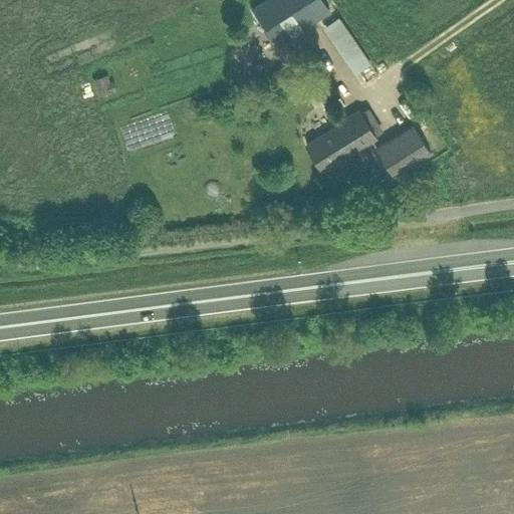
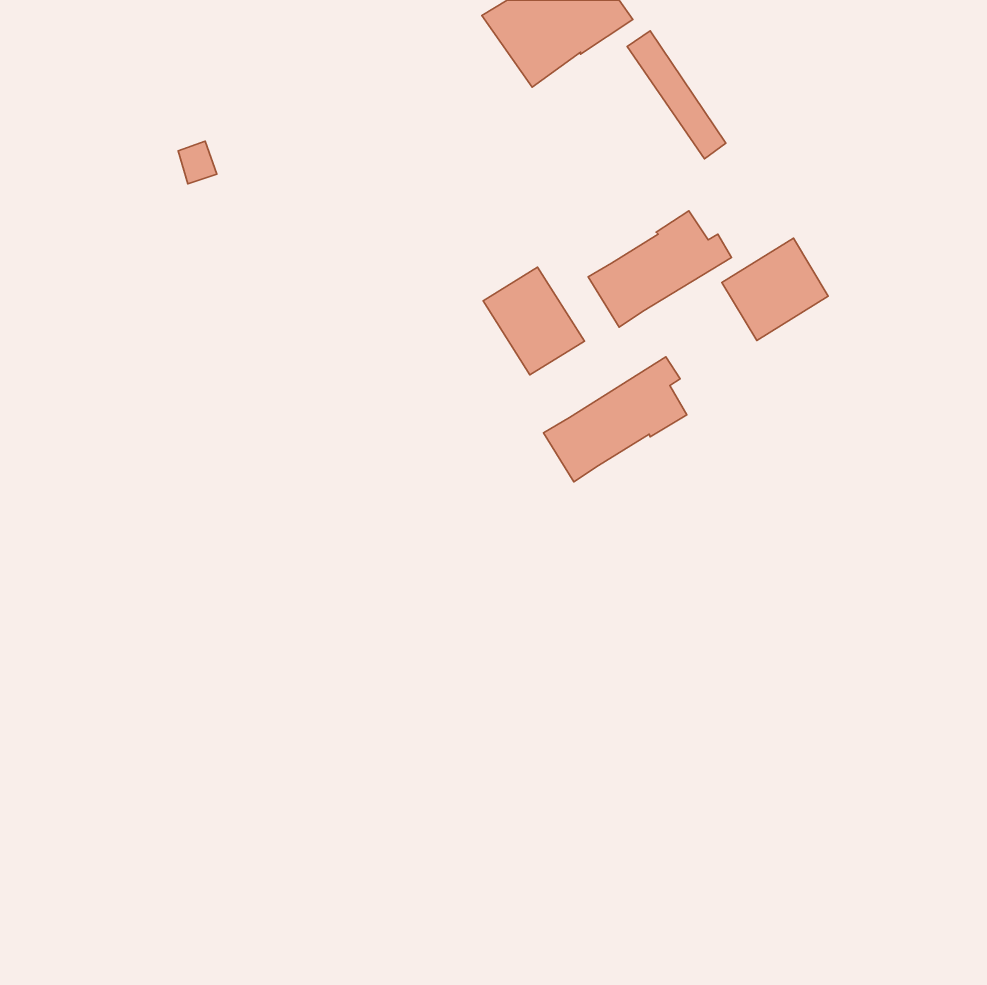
building: none -> [483,267,585,375]
building: none -> [543,357,687,482]

